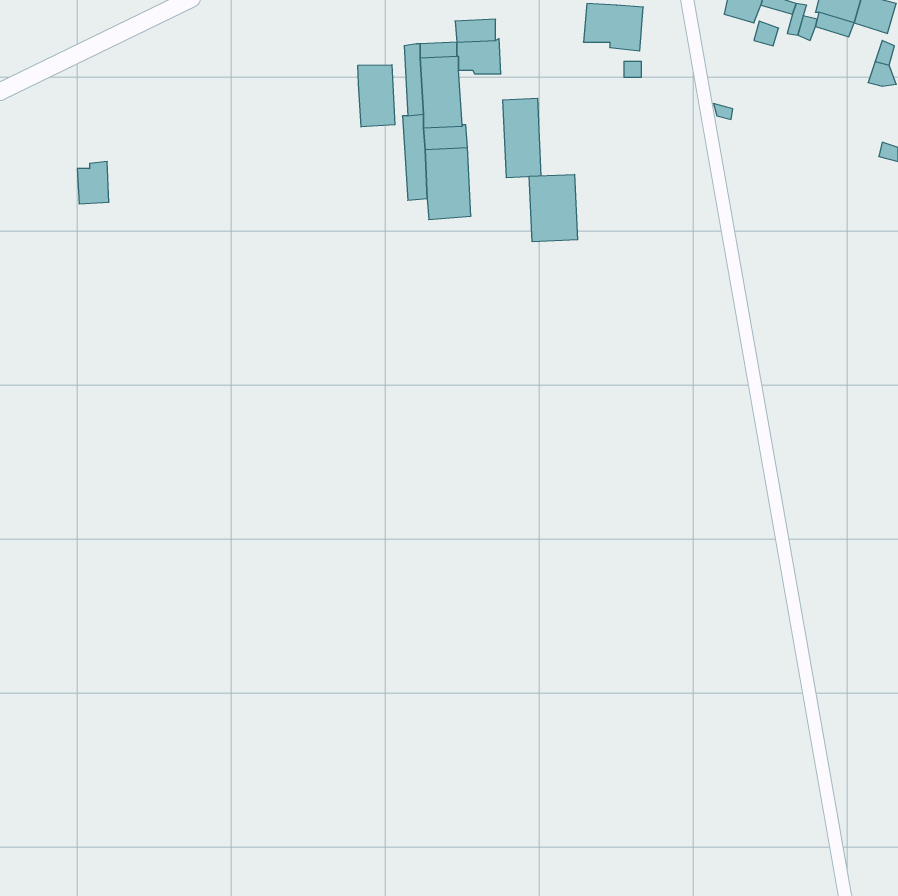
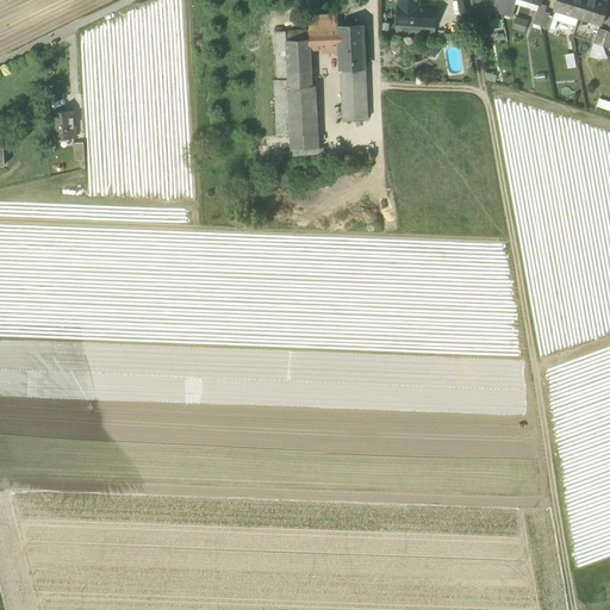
building: none -> [338,23,365,68]
building: [358,65,395,127] -> none
building: [529,174,578,242] -> none

